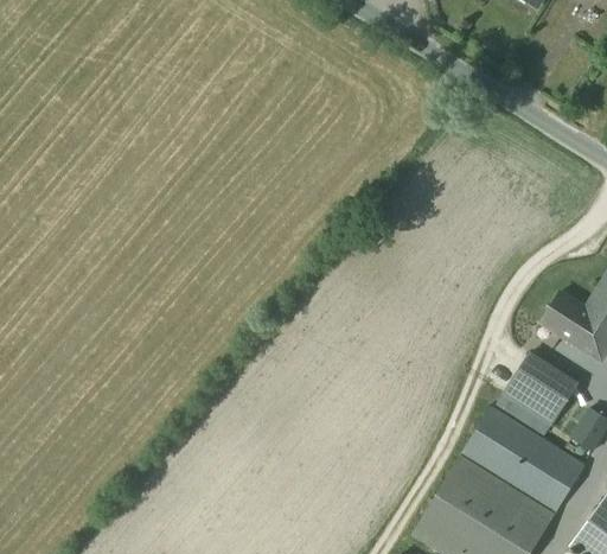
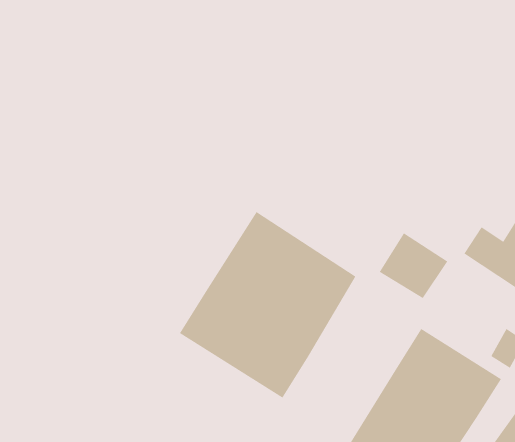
building: none -> [179,211,356,399]
building: [501,350,581,426] -> [379,233,448,299]

